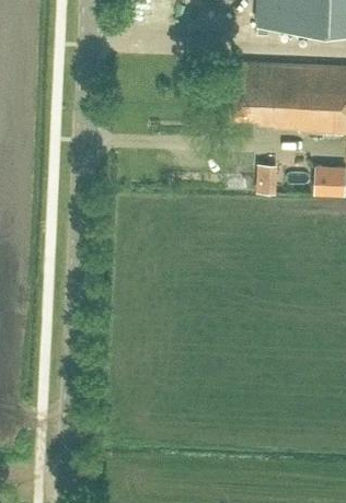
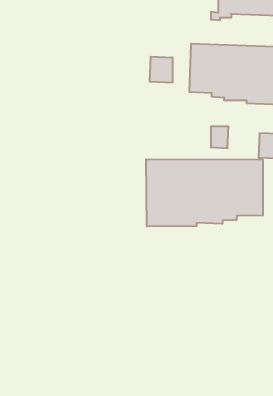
building: none -> [150,57,173,83]
building: none -> [146,159,263,226]

